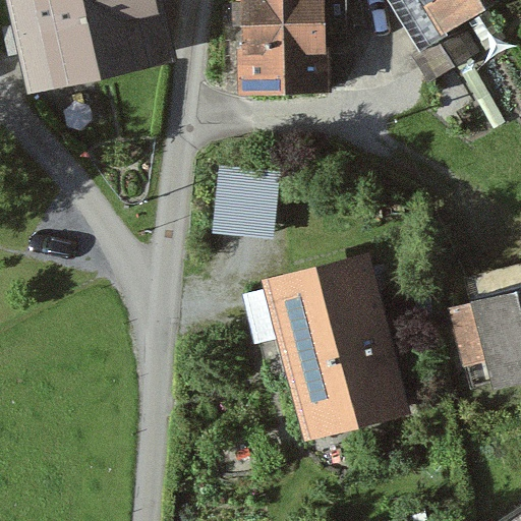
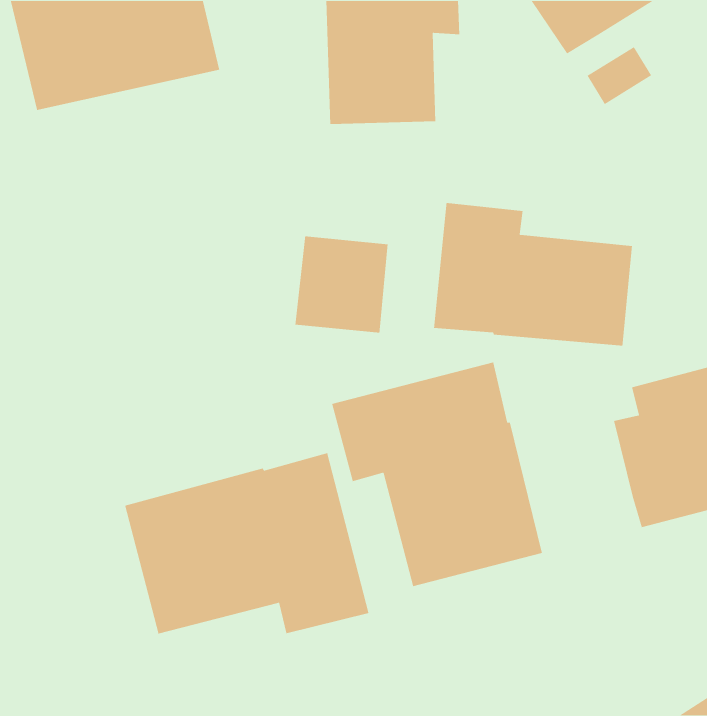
building: none -> [433,202,633,347]
building: none -> [124,452,370,635]

